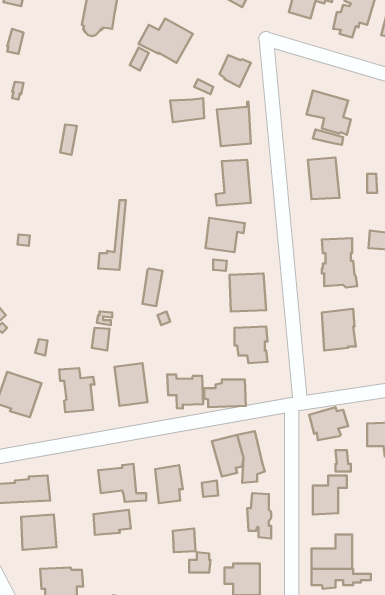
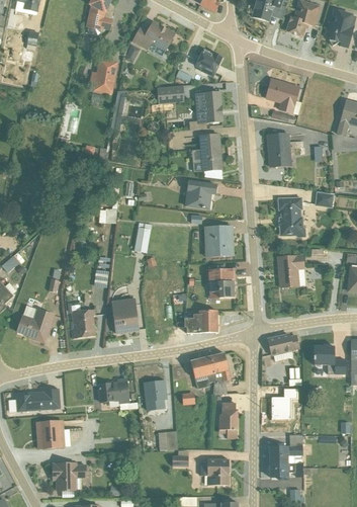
building: none -> [89,58,117,94]
building: [167,375,203,409] -> none
building: [94,510,131,535] -> none

